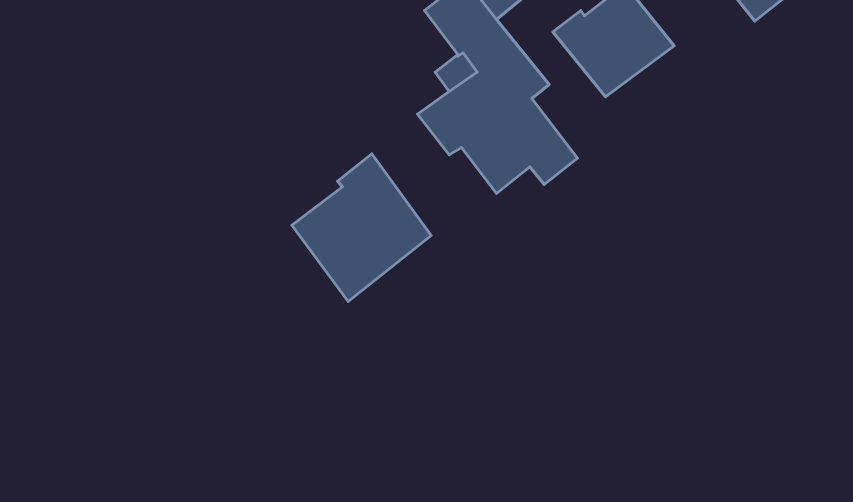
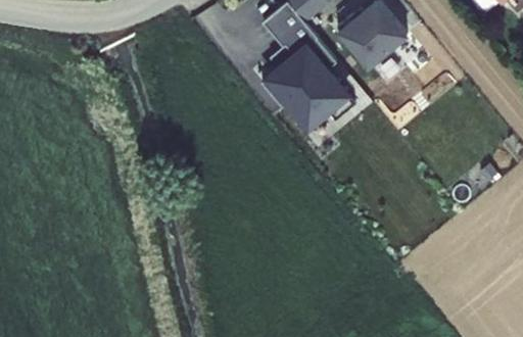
building: [292,154,431,302] -> none

